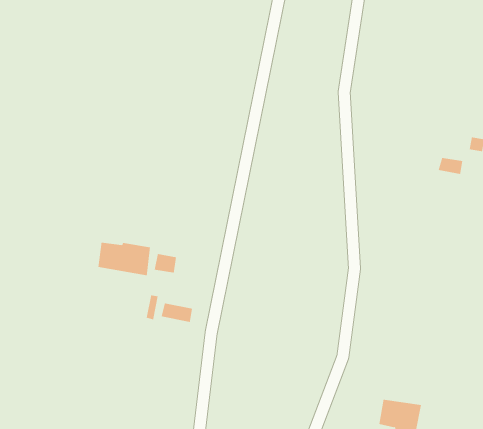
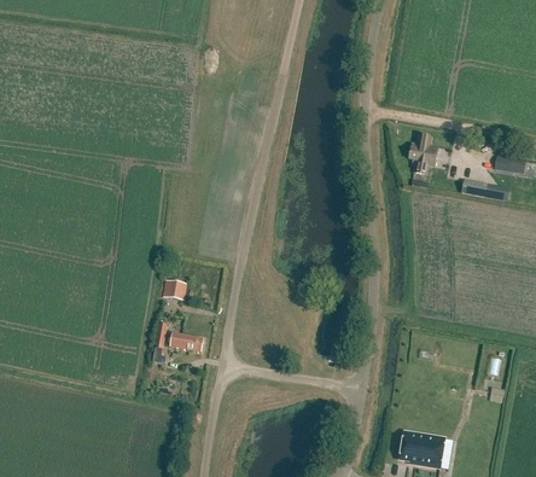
building: none -> [409,132,438,173]
building: [98,242,150,276] -> none

